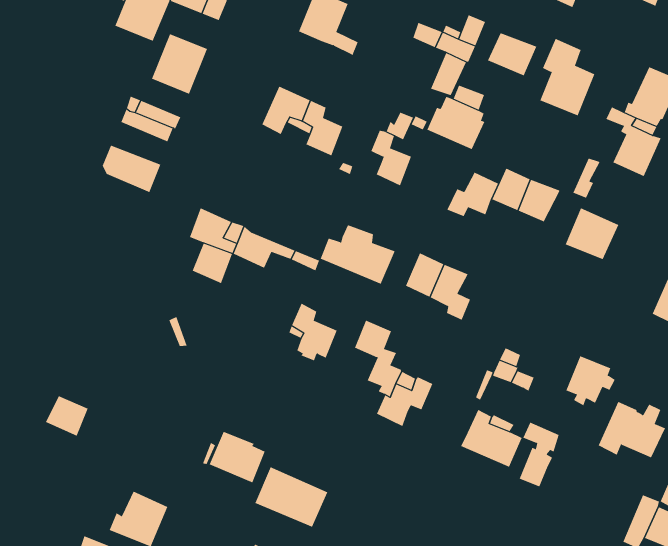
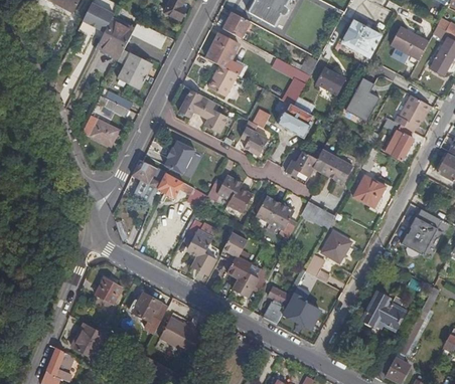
building: none -> [206,65,236,97]
building: none -> [163,139,193,173]
building: none -> [301,200,335,228]
building: none -> [192,250,217,276]
building: [566,355,616,406] -> [322,233,352,263]
building: [45,396,88,436] -> [95,276,121,302]
building: [519,422,560,487] -> [264,284,290,324]

